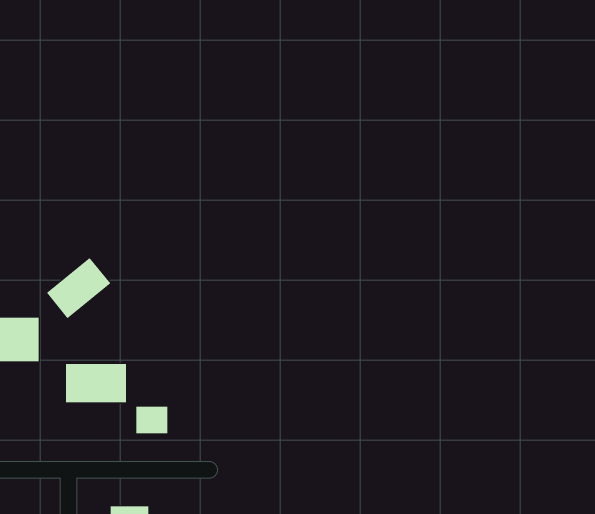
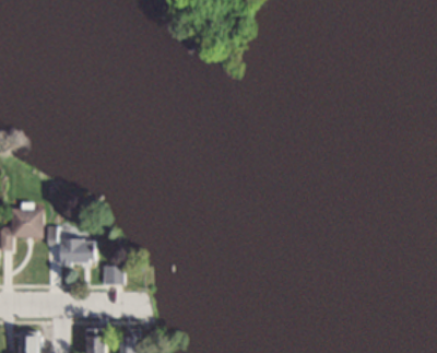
building: [46,257,111,319] -> none

